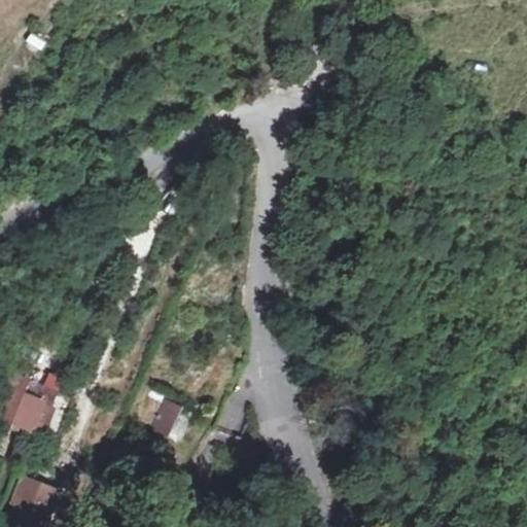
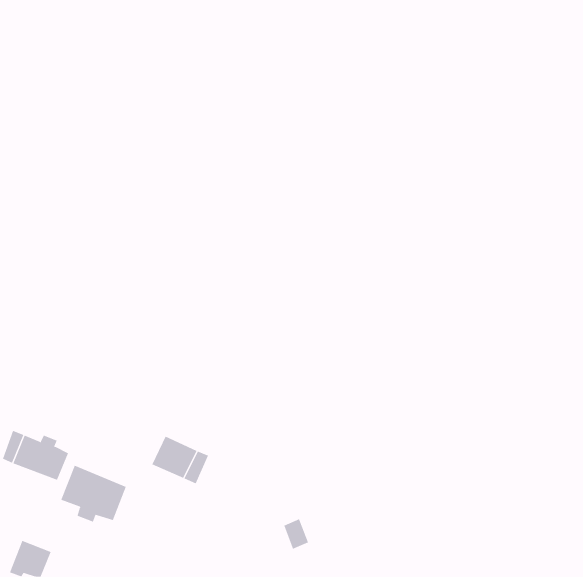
building: none -> [60,465,127,523]

